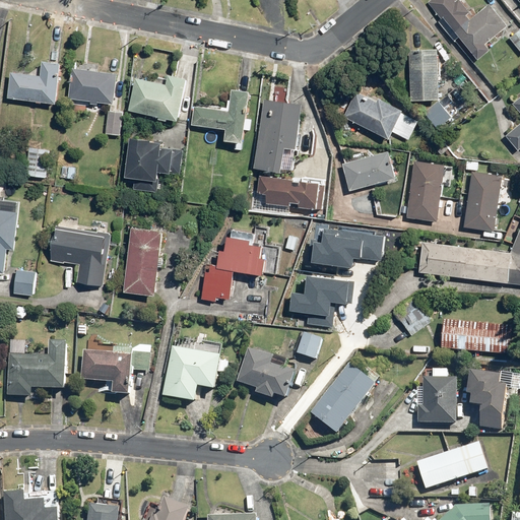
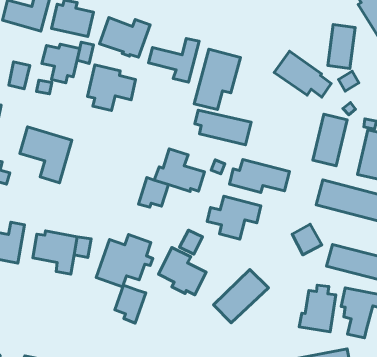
building: none -> [42,44,80,83]
building: [341,150,395,191] -> none
building: [123,228,162,296] -> none
building: [294,330,320,359] -> [180,230,203,254]
building: none -> [115,285,146,323]

